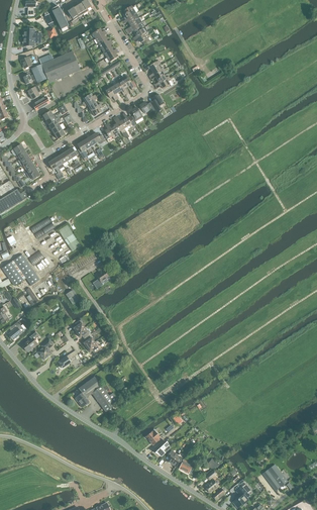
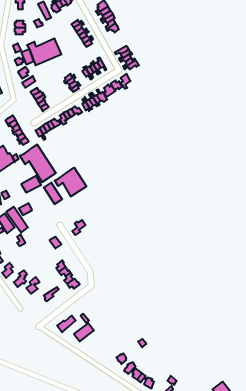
building: none -> [20,144,56,182]
building: none -> [55,168,86,197]

